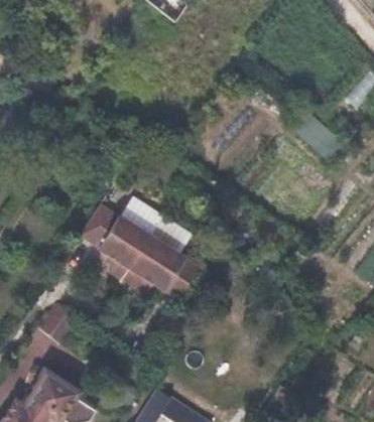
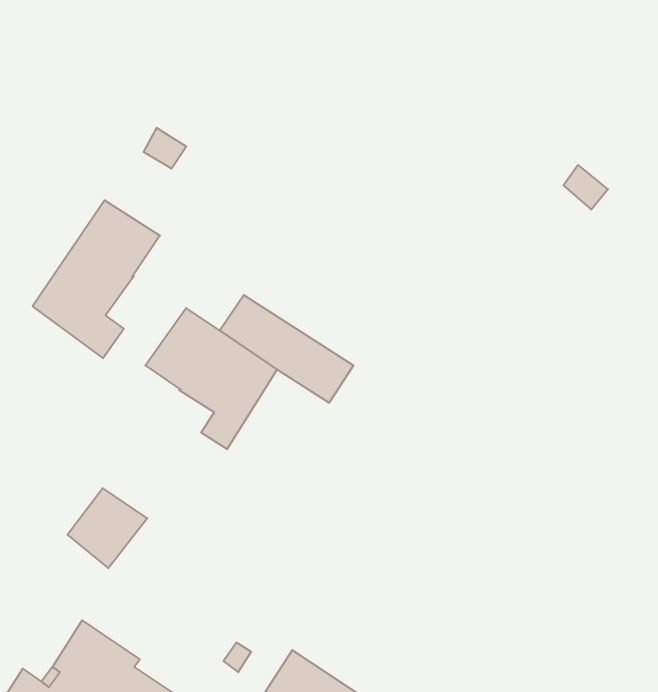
building: none -> [33,200,160,358]
building: [124,237,199,300] -> none

